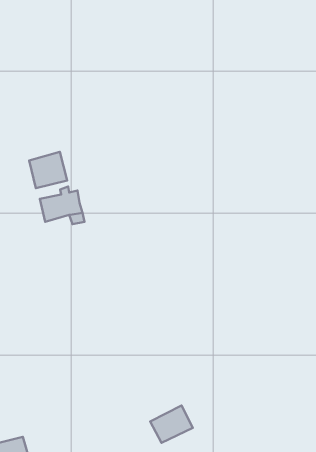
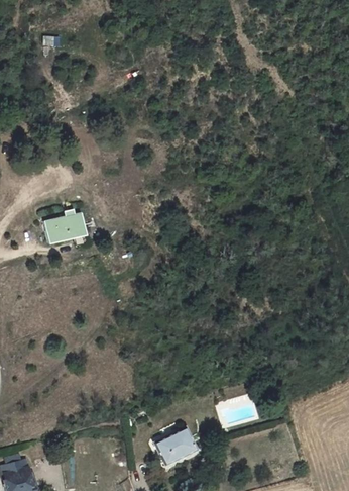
building: [29,152,67,188] -> none

